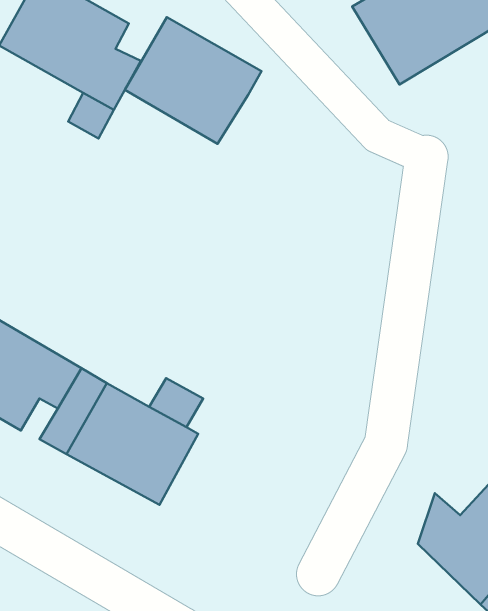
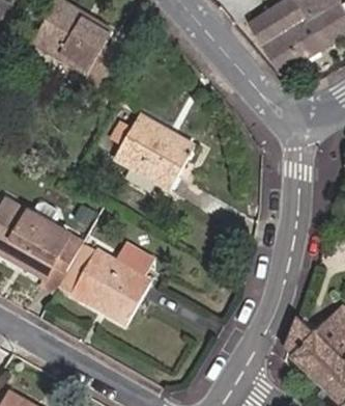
building: [125,17,262,144] -> [113,114,197,192]

